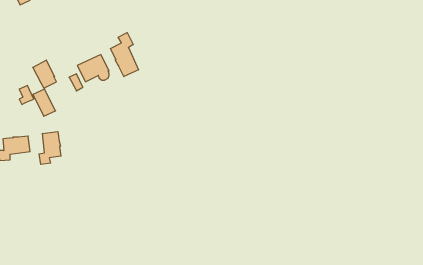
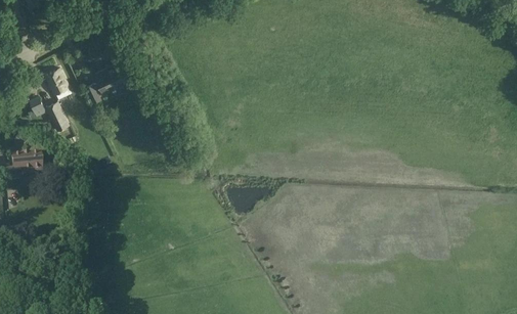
building: [111,33,138,77] -> none
building: [39,132,61,164] -> none

